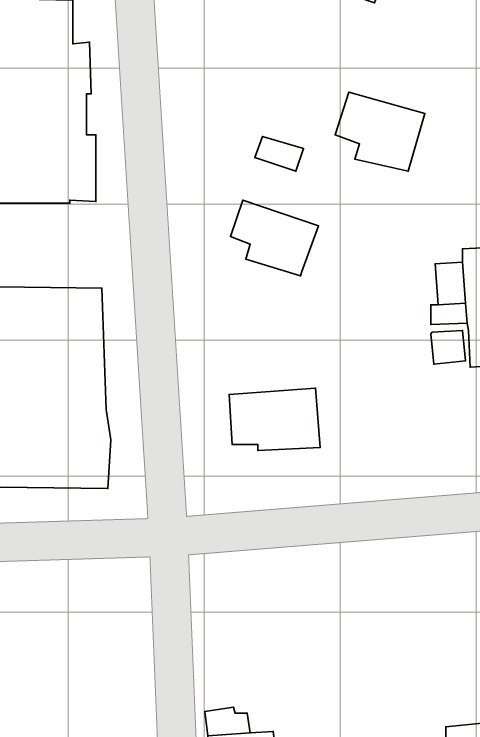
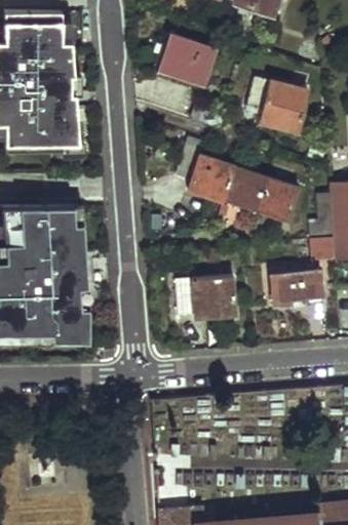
building: none -> [157,32,215,86]
building: none -> [223,166,297,218]
building: none -> [271,271,320,307]

